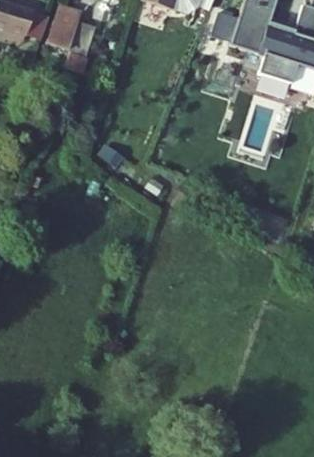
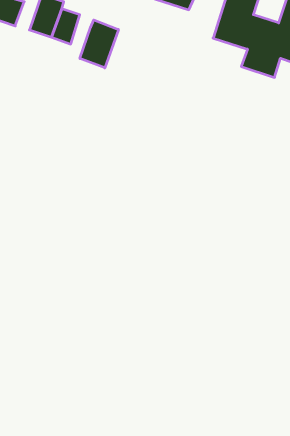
building: none -> [80,20,118,68]

